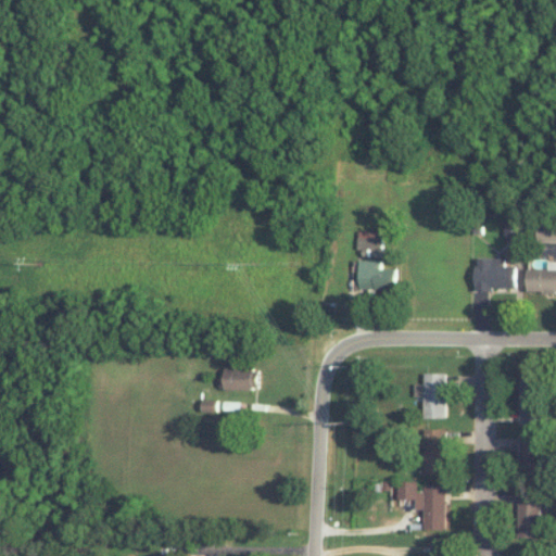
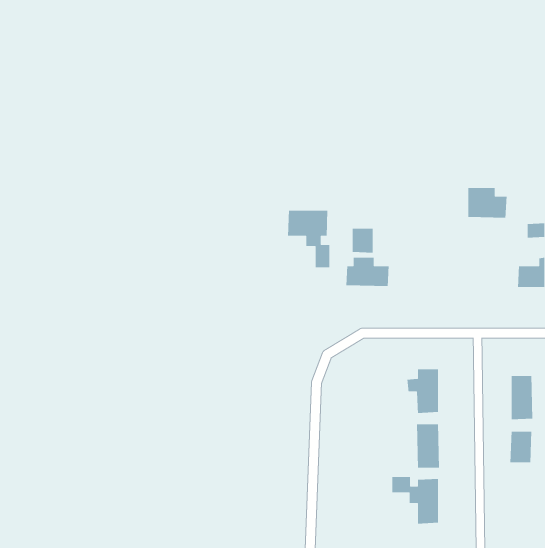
building: none -> [287,210,330,268]
building: [472,258,513,290] -> [468,187,507,218]
building: [222,368,256,390] -> none
building: [517,504,540,538] -> none

